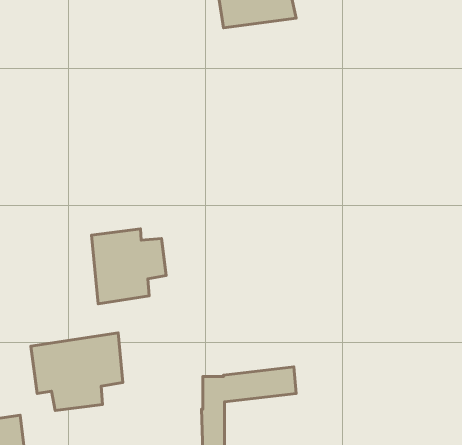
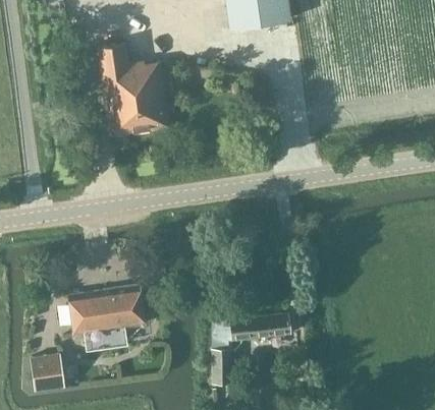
building: none -> [97,45,171,137]
building: [91,229,166,304] -> none

